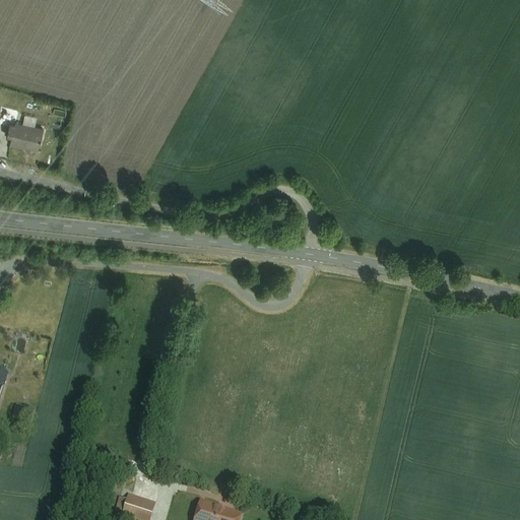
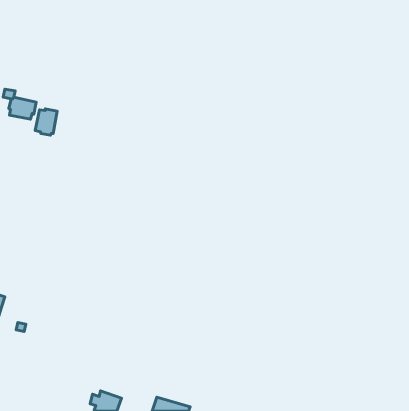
building: none -> [35,109,57,135]

